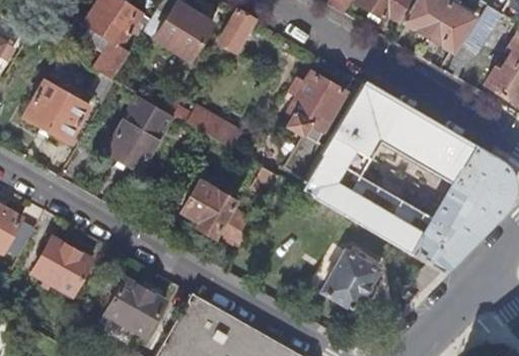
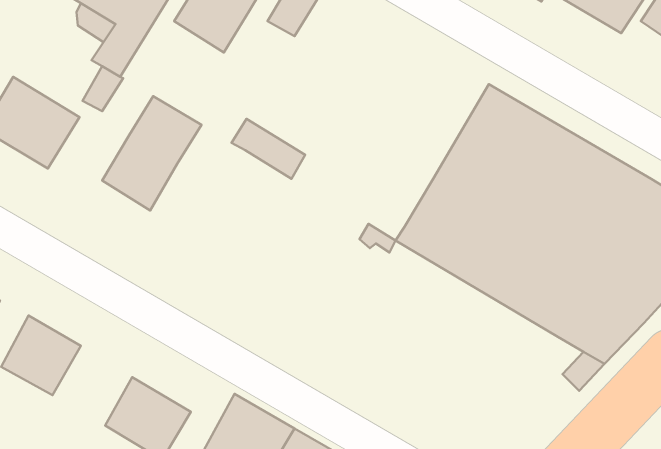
building: [285,70,347,180] -> none
building: [184,185,255,250] -> none
building: [322,250,379,306] -> none

